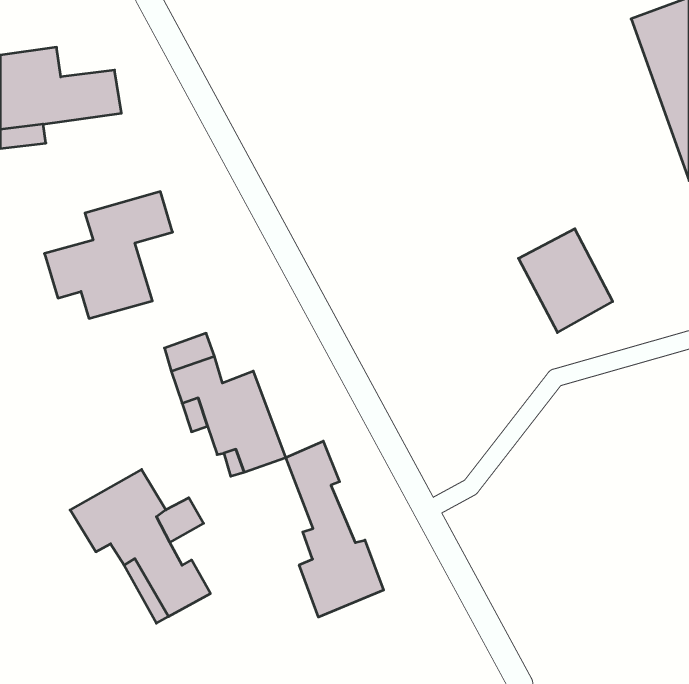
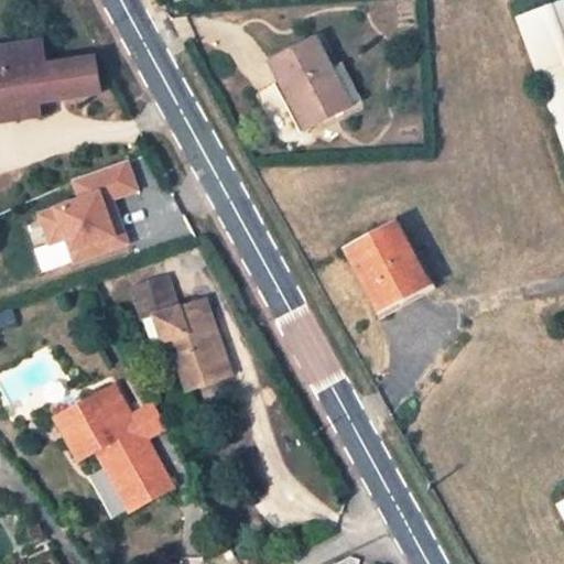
building: none -> [269,36,348,124]
building: [518,229,613,333] -> [347,225,424,310]
building: [286,441,384,617] -> none

